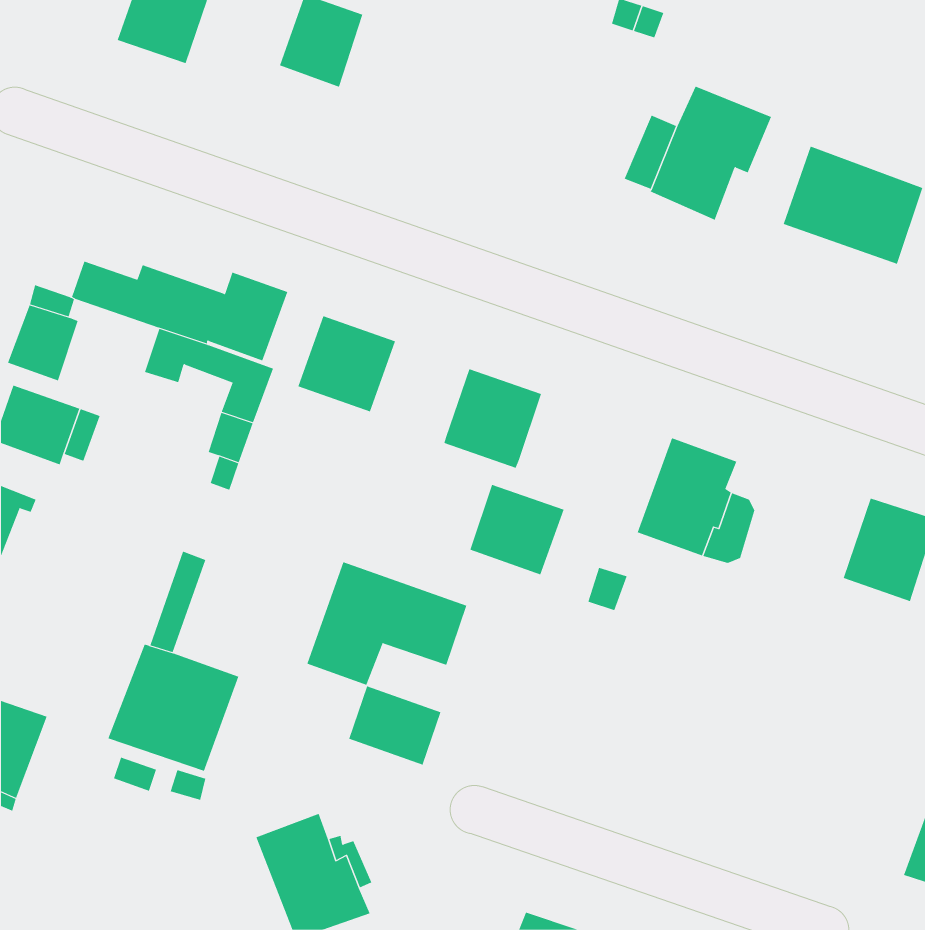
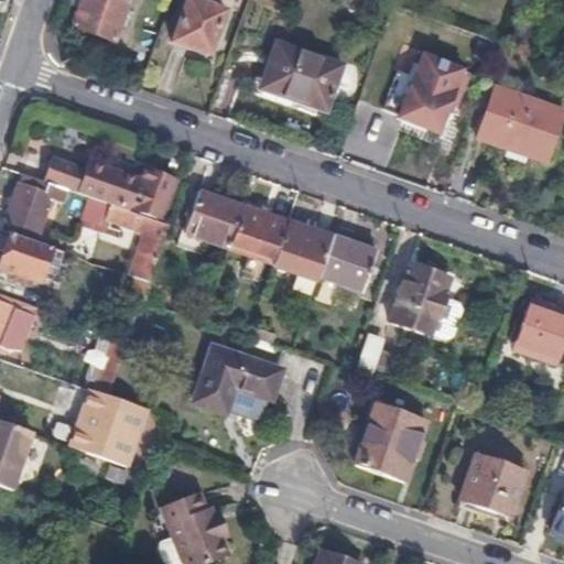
building: none -> [260,42,341,109]
building: none -> [228,206,288,264]
building: [470,484,565,575] -> [318,238,376,293]
building: none -> [356,401,424,480]
building: [348,686,441,766] -> none
building: none -> [460,452,524,516]

